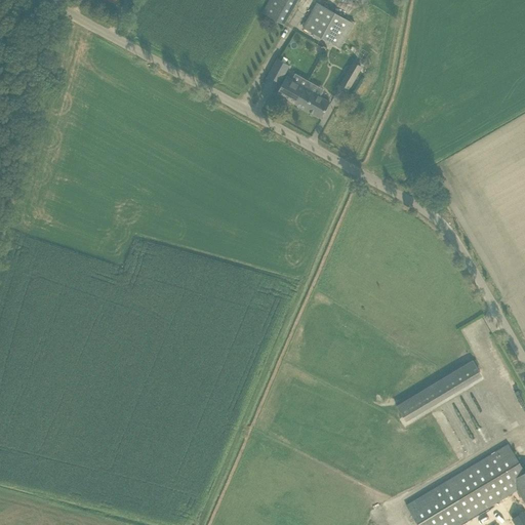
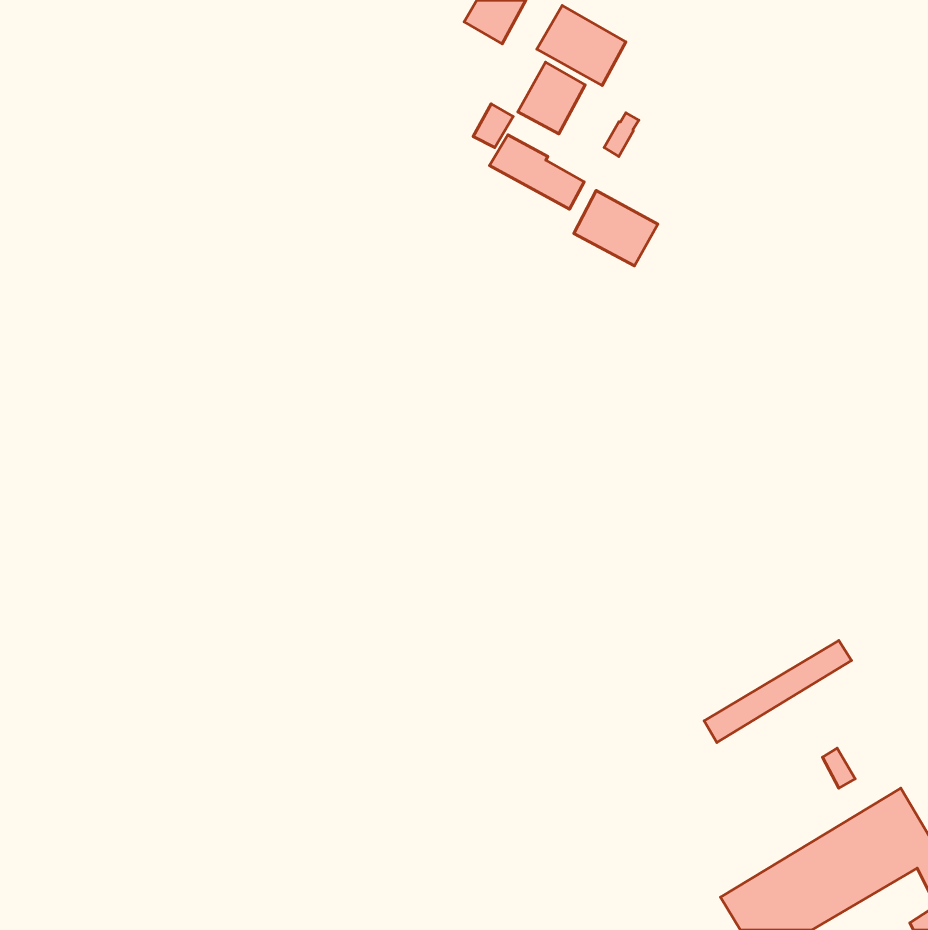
building: none -> [518,62,585,134]
building: none -> [574,191,658,266]

